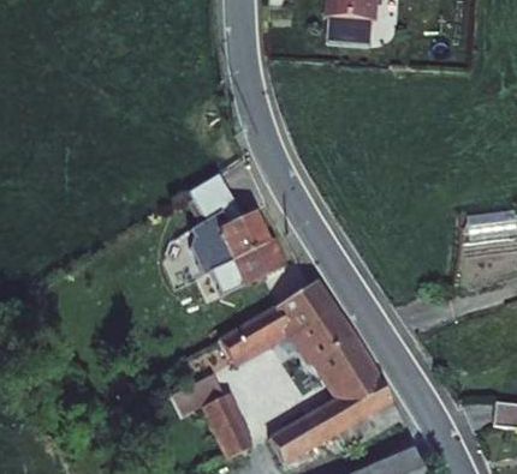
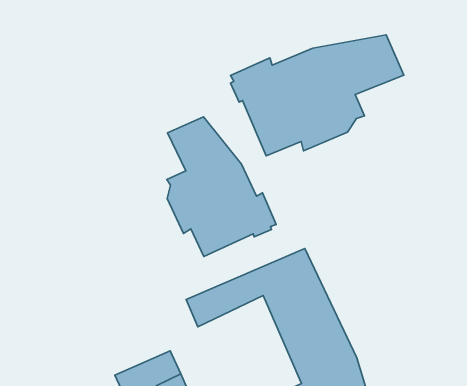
building: none -> [230,35,404,156]

